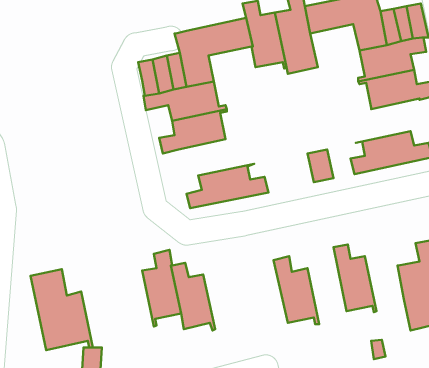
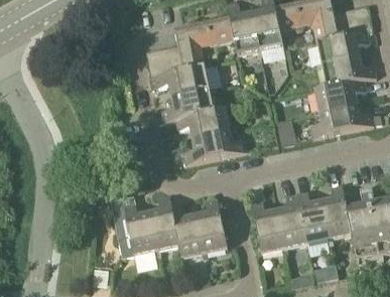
building: none -> [313,80,366,114]
building: none -> [177,108,236,139]
building: none -> [321,184,352,244]
building: none -> [277,194,307,254]
building: none -> [197,199,228,258]
building: [30,269,93,350] -> [110,195,158,258]

